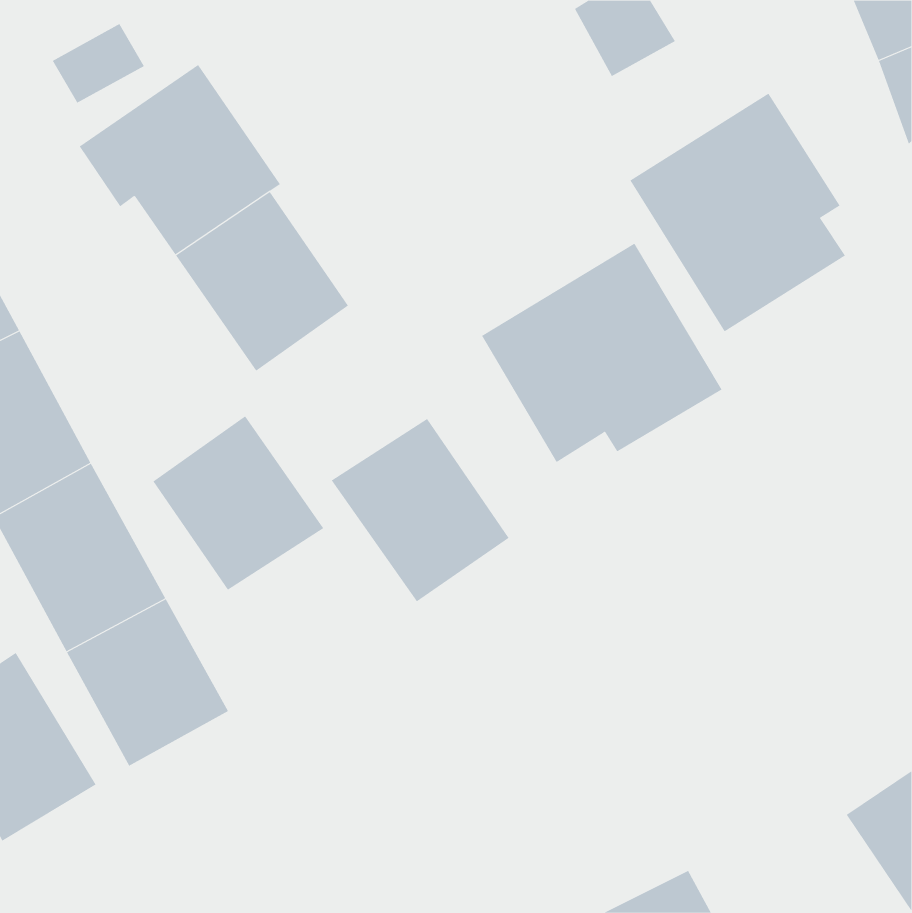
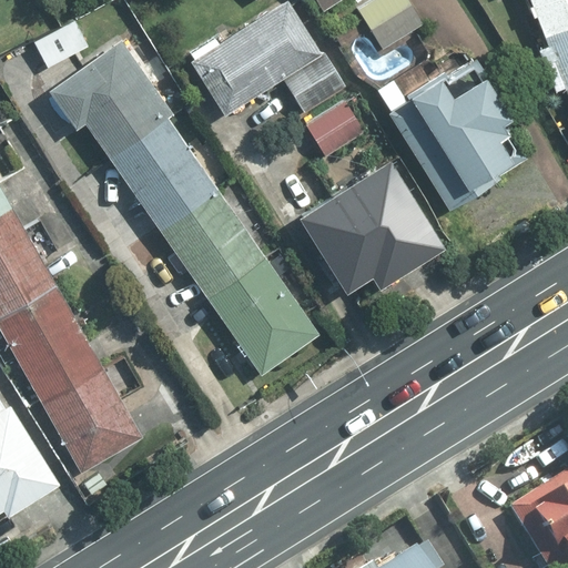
building: none -> [194,8,336,119]
building: none -> [303,93,367,154]
building: [152,416,324,591] -> [159,190,265,298]

